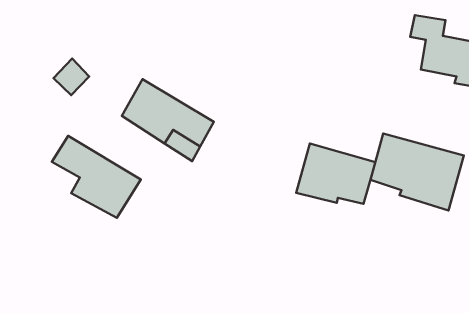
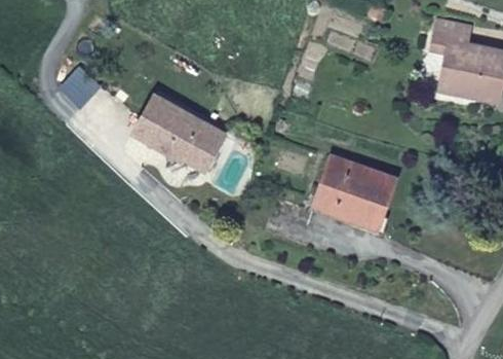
building: [370,133,464,211] -> none
building: [52,136,141,218] -> none

